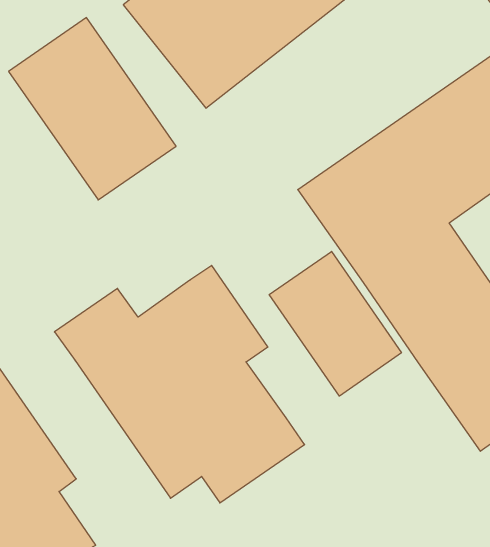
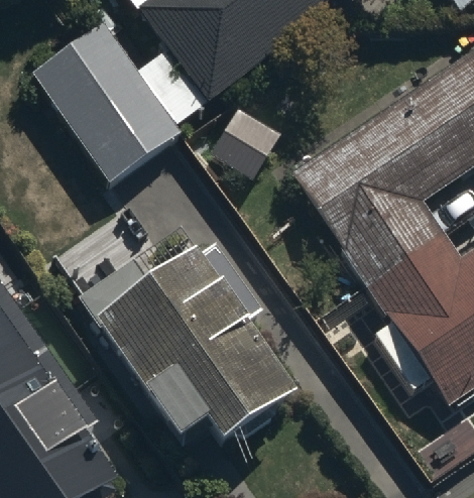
building: [269,251,401,396] -> none

